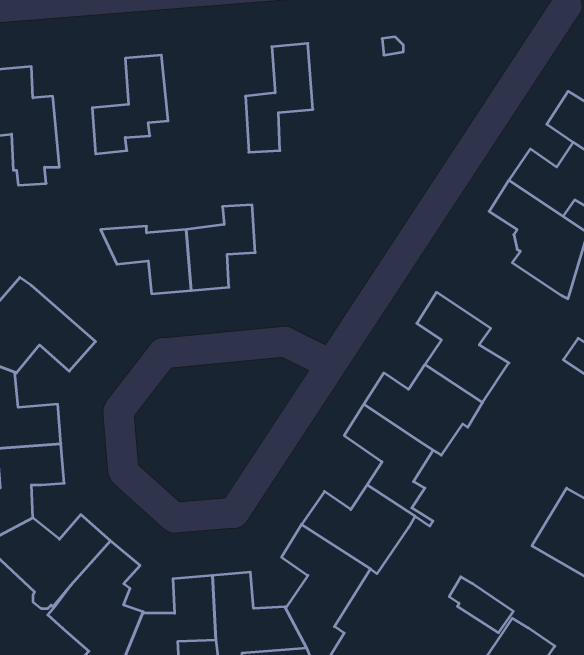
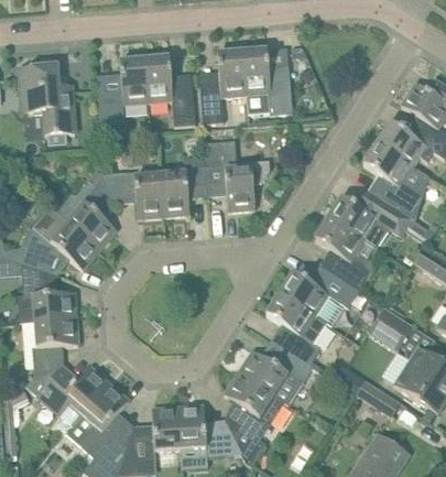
building: none -> [242,47,293,112]
building: none -> [144,55,196,123]
building: none -> [204,138,270,209]
building: none -> [57,167,117,248]
building: none -> [328,195,412,247]
building: none -> [368,305,414,350]
building: [449,577,513,633] -> [357,378,400,415]

